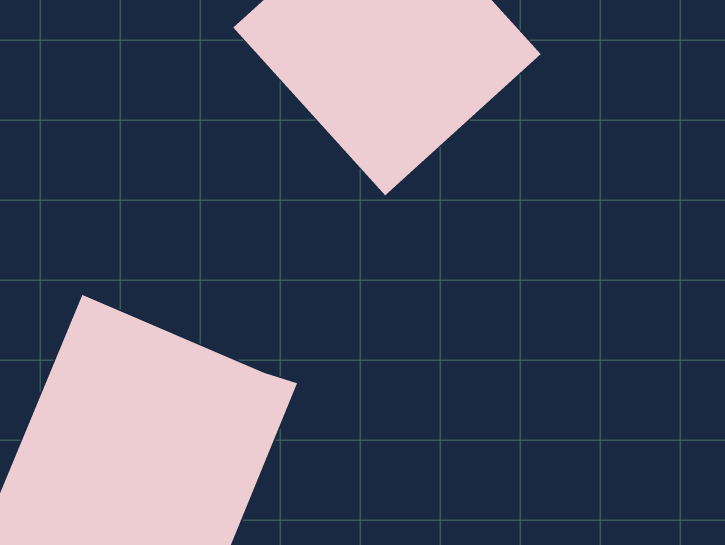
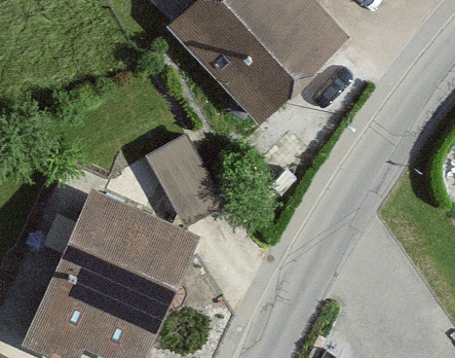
building: none -> [151,136,228,222]

